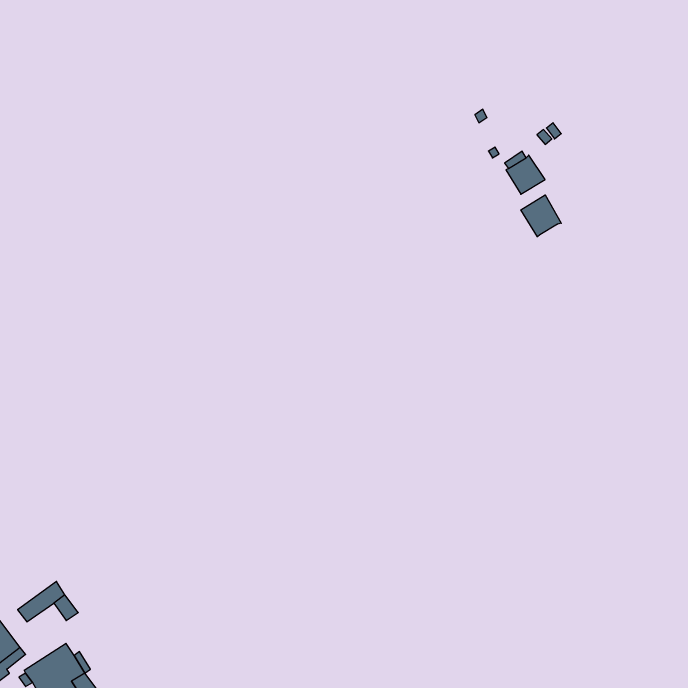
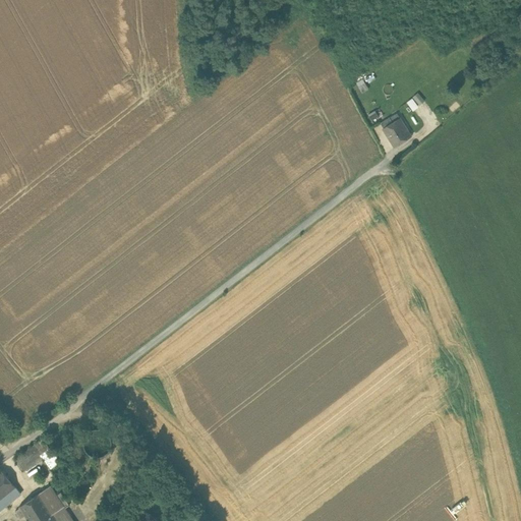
building: [521,195,561,237] -> none

